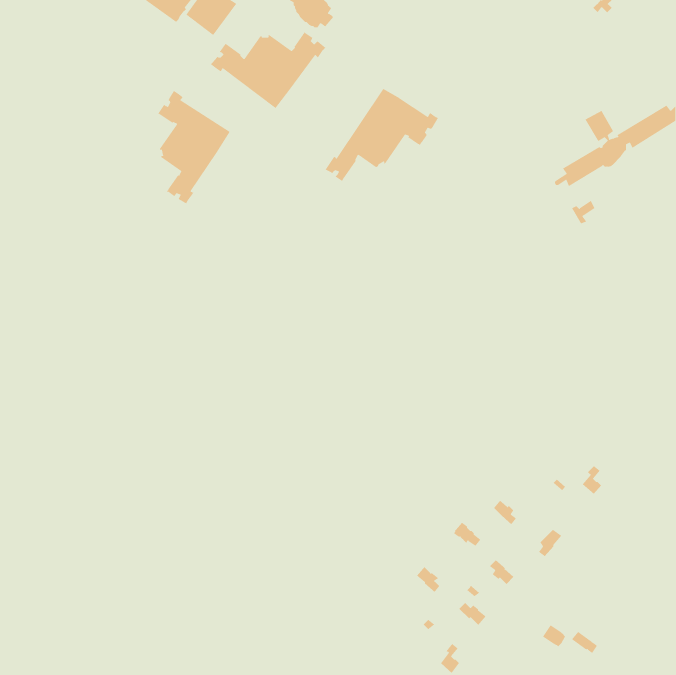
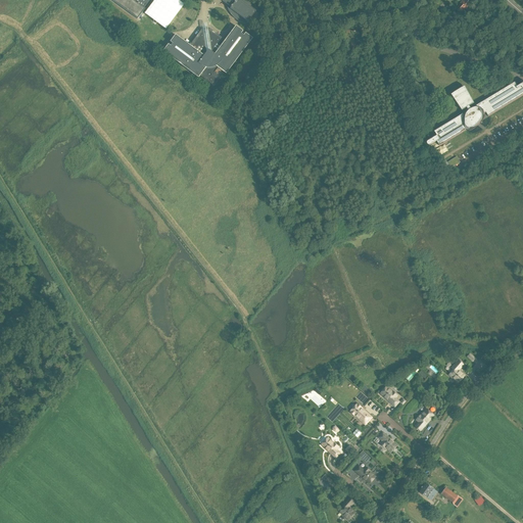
building: [324,88,439,182] -> none
building: [157,89,231,204] -> none

